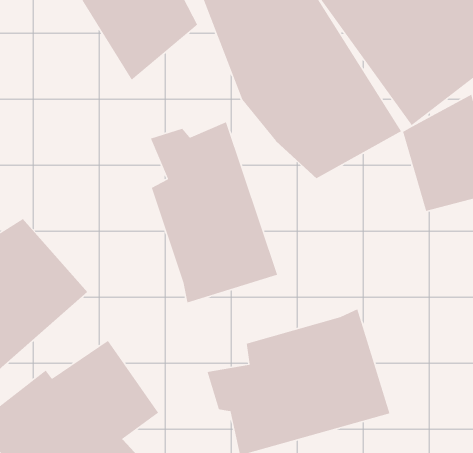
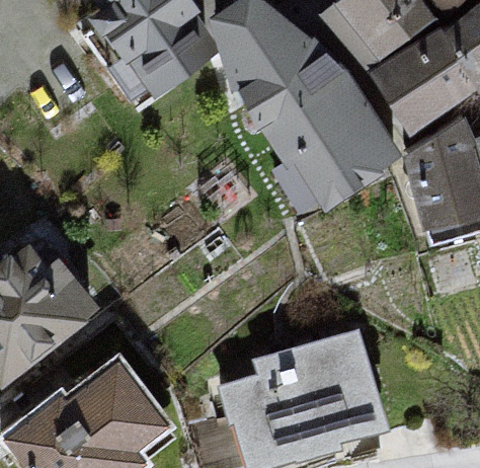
building: [150,121,278,304] -> none

